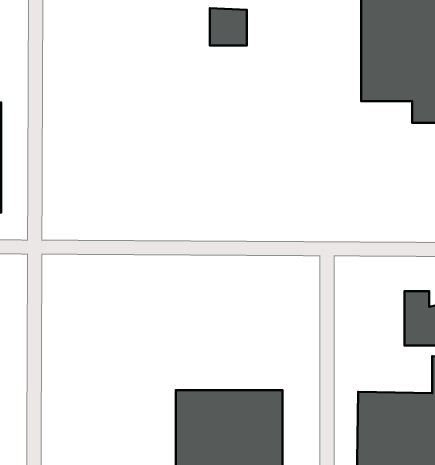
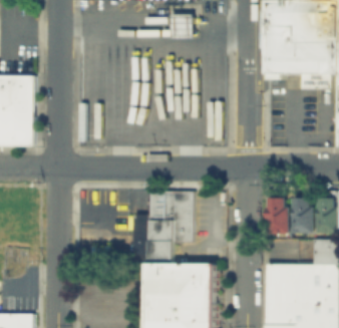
building: none -> [131,190,190,261]
building: none -> [267,197,290,233]

